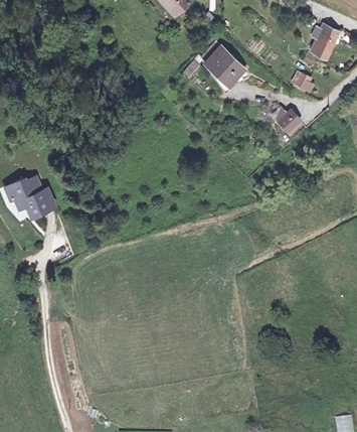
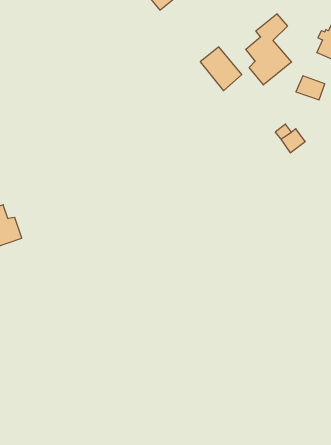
building: none -> [246,14,292,85]

